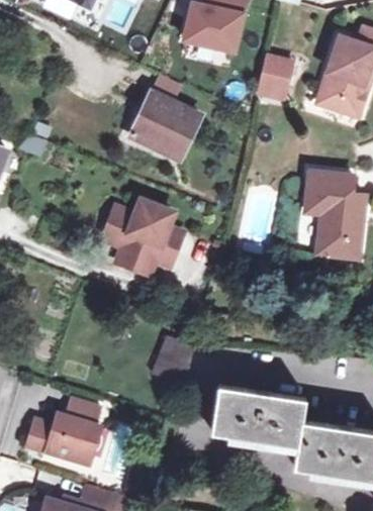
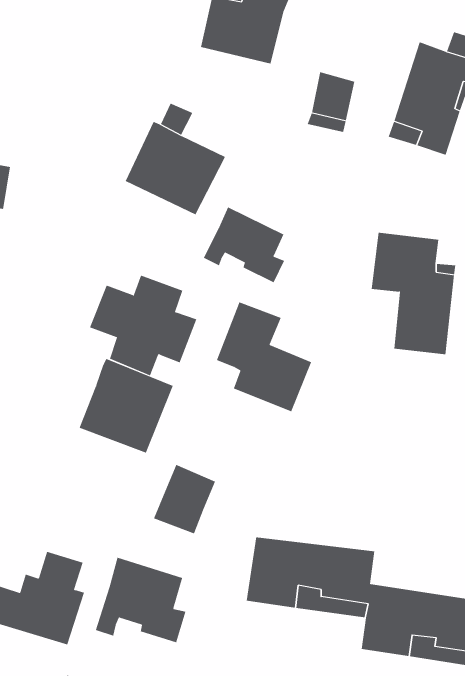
building: none -> [203,206,285,283]
building: none -> [216,302,312,412]
building: none -> [79,358,174,454]
building: none -> [95,557,186,643]

